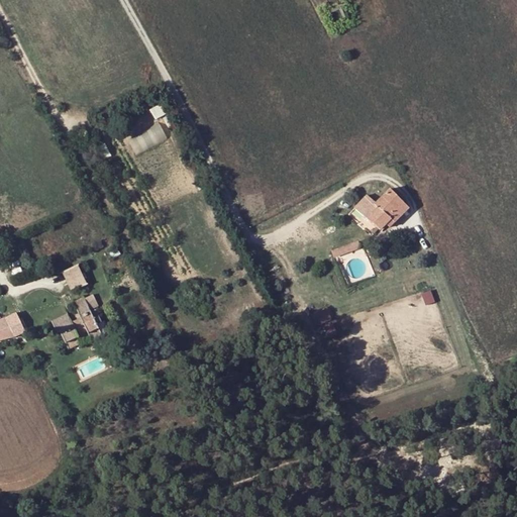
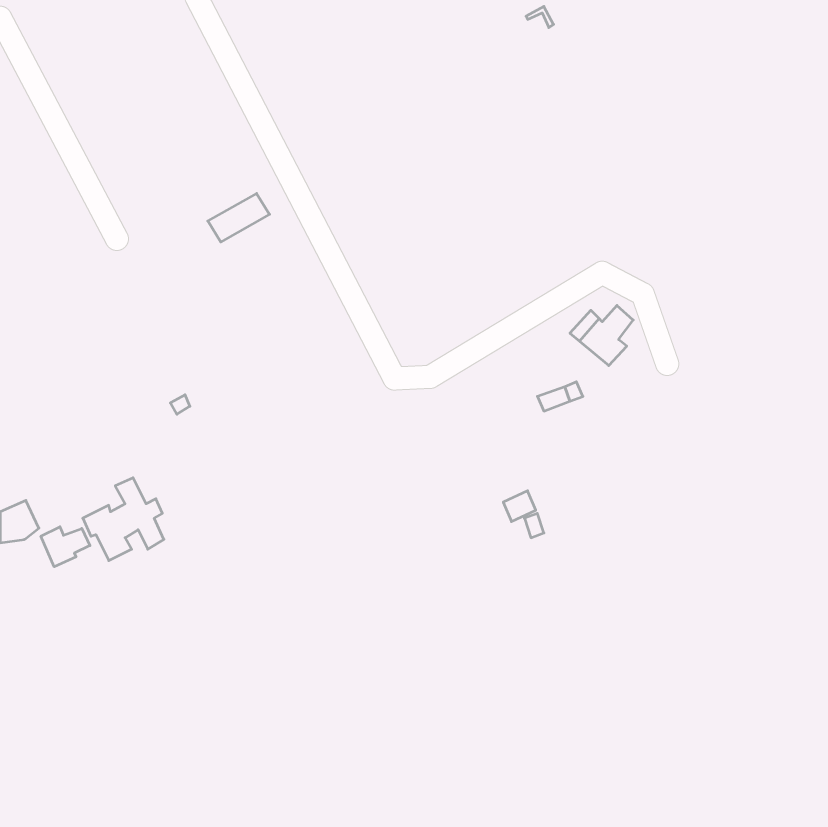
building: [63,264,87,291] -> none
building: none -> [41,527,90,567]

